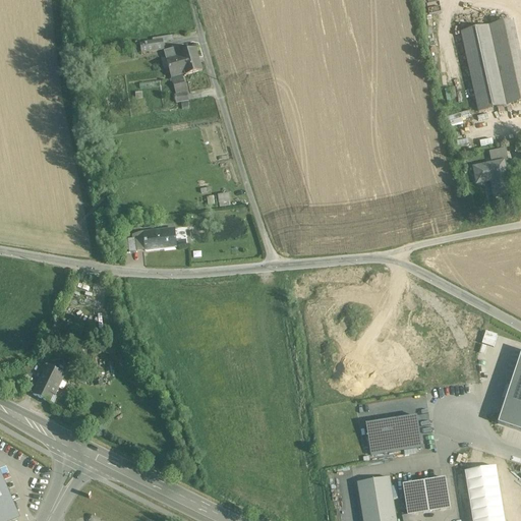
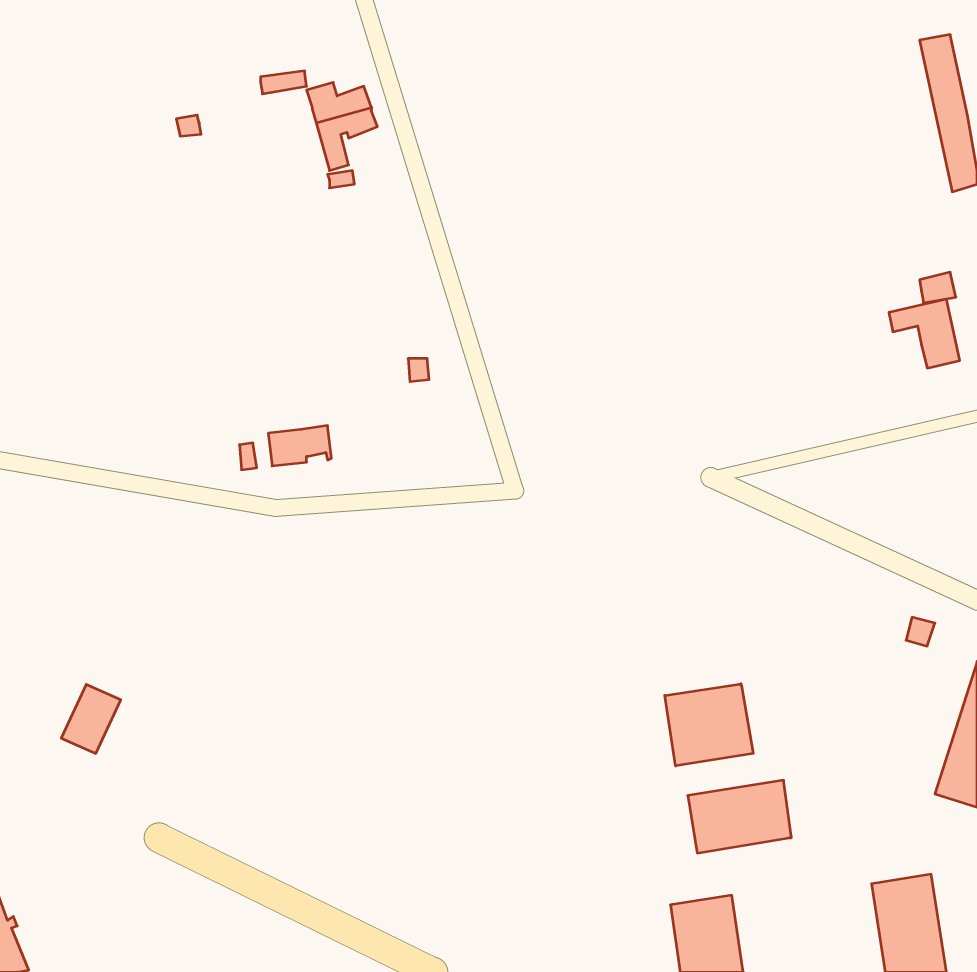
building: [461,21,506,108] -> none
building: none -> [665,684,753,766]
building: [402,476,449,512] -> none

